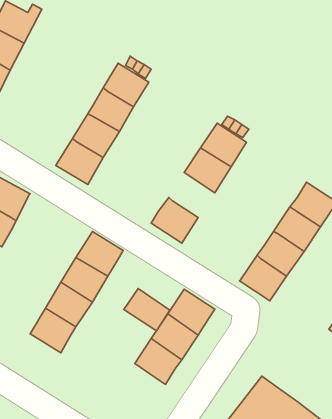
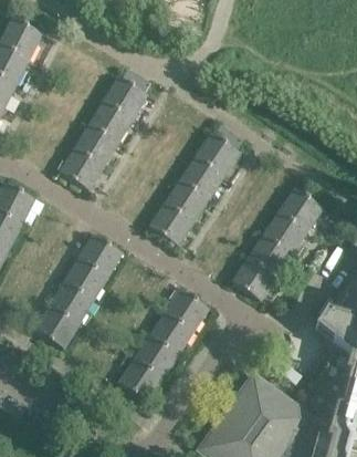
building: none -> [166,179,209,221]
building: [124,288,170,331] -> none
building: none -> [118,359,162,402]

